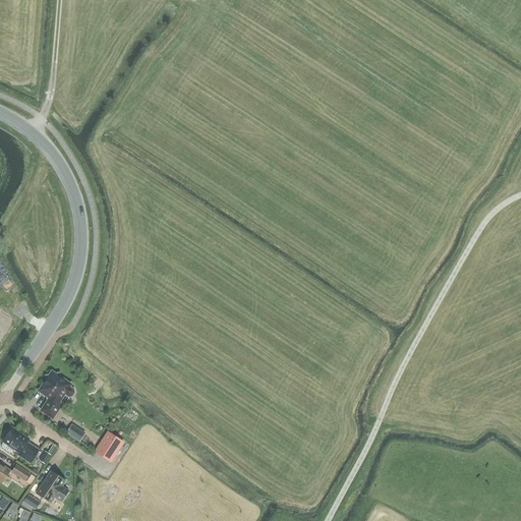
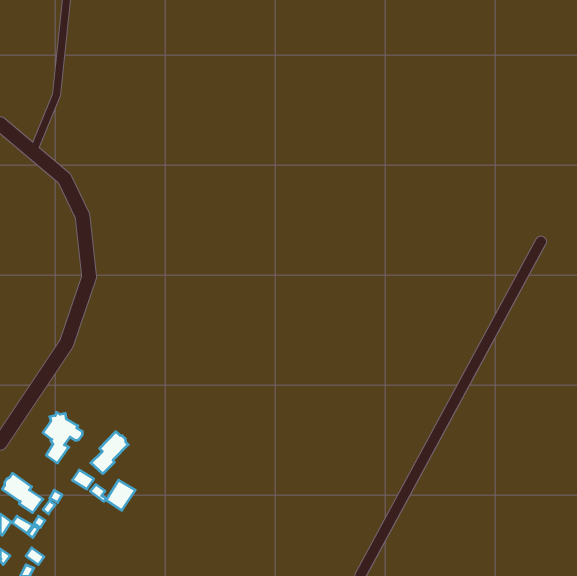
building: none -> [91,432,128,474]
building: [36,471,68,503] -> none

